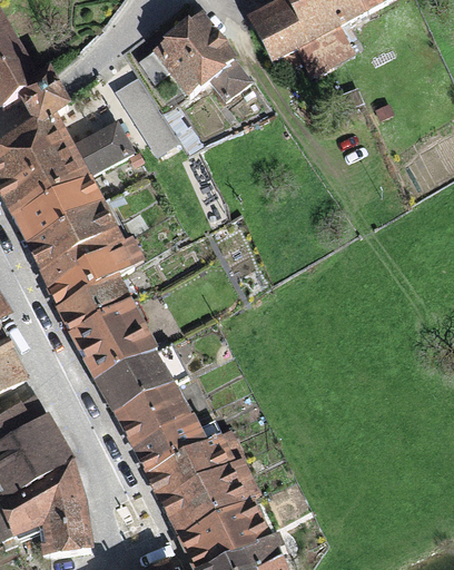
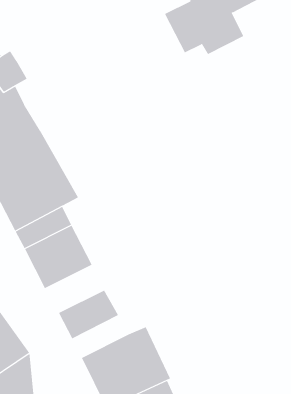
building: [139,12,254,104] -> none
building: [111,73,175,150] -> none
building: [70,114,131,171] -> none
building: [96,347,174,410] -> none
building: [131,413,205,469] -> none

